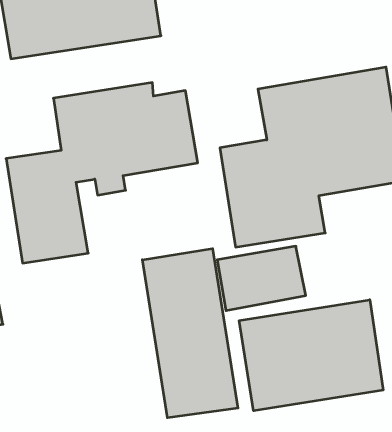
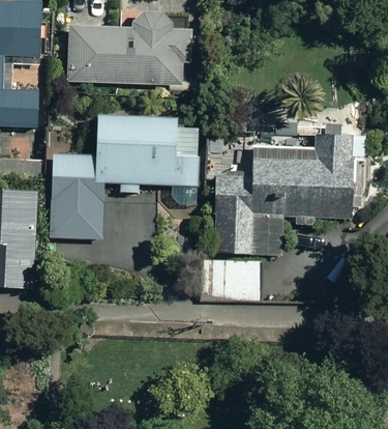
building: [142,249,238,418] -> none
building: [239,300,383,411] -> none

